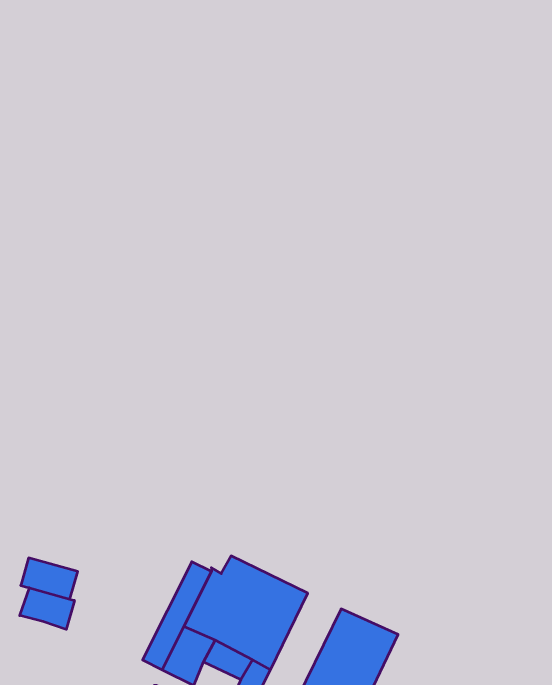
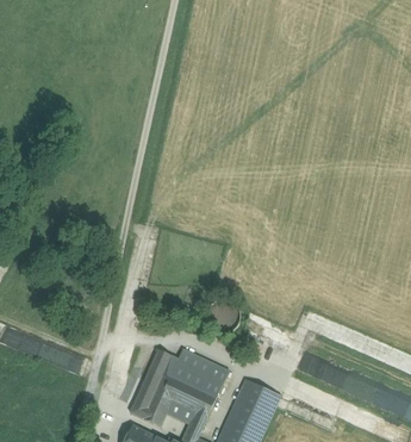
building: [20,588,74,629] -> none

